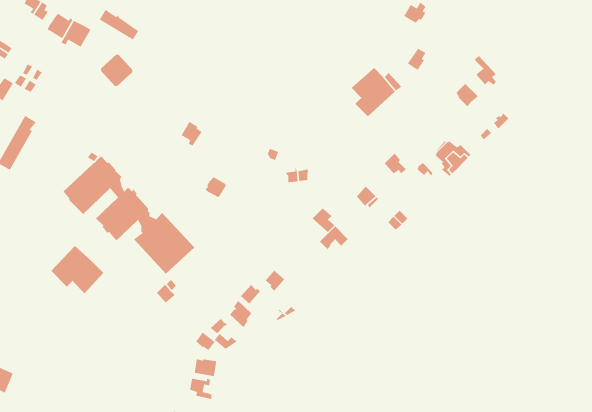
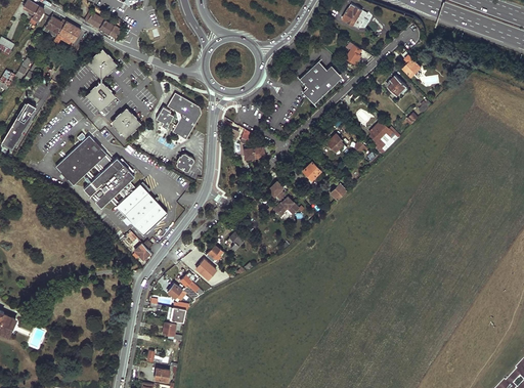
building: none -> [87,82,115,111]
building: none -> [167,93,202,139]
building: none -> [112,109,140,137]
building: [50,245,104,294] -> none

